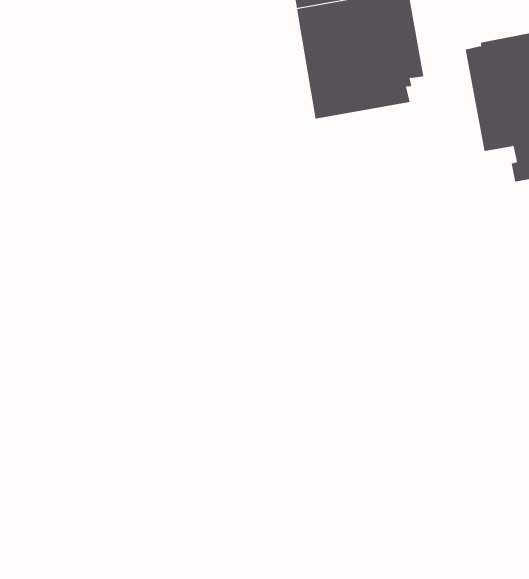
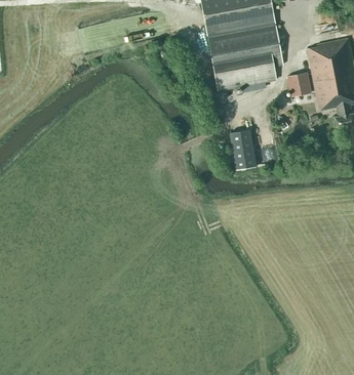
building: none -> [287,73,310,96]
building: none -> [231,129,257,170]

